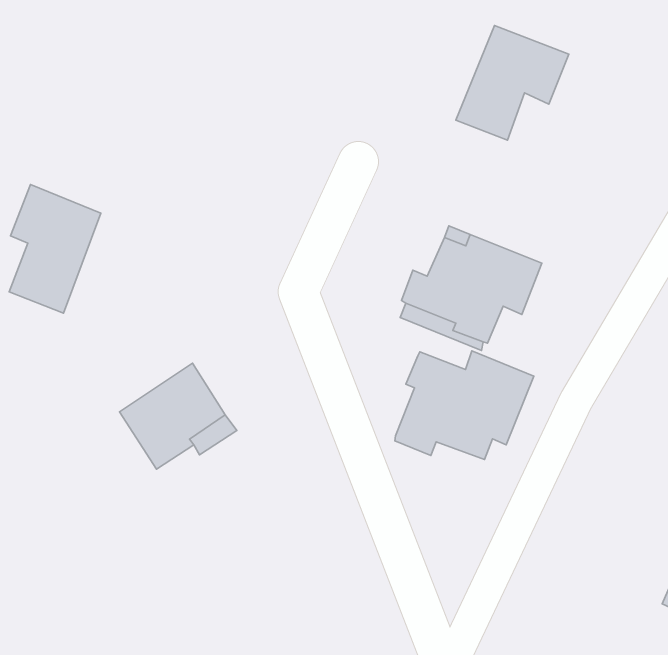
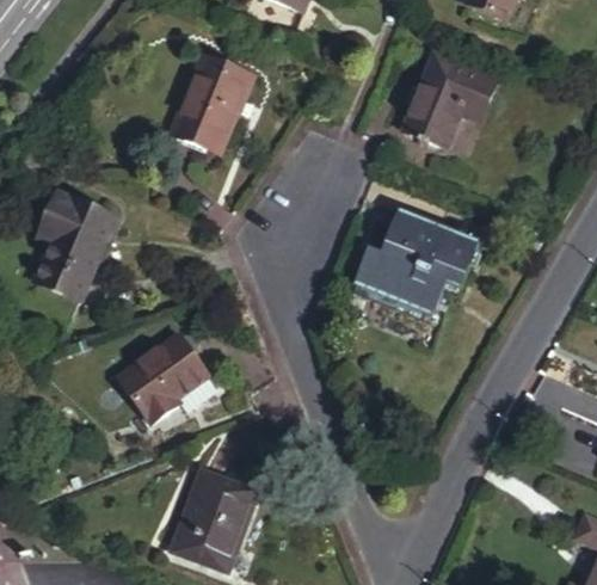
building: none -> [168,49,251,147]
building: [395,351,534,460] -> none
building: none -> [171,467,259,571]

